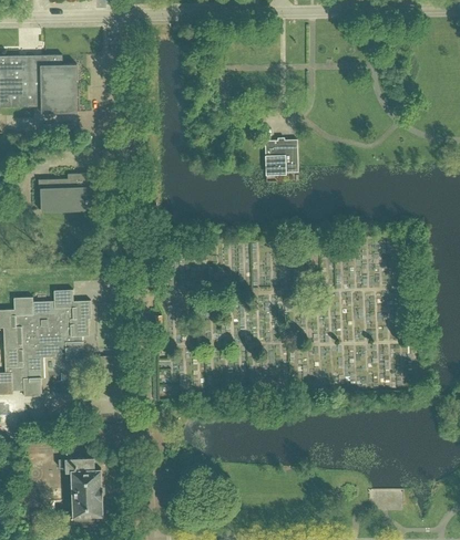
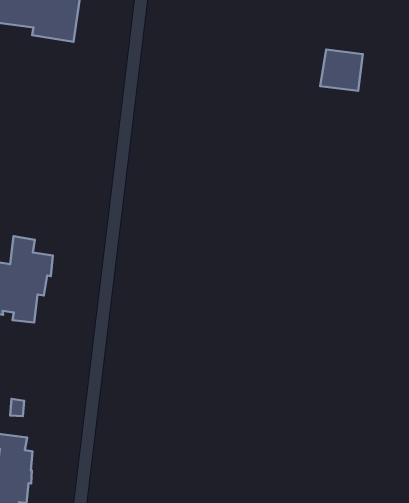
building: [264,139,297,173] -> [320,50,363,91]
building: [38,173,95,212] -> none

